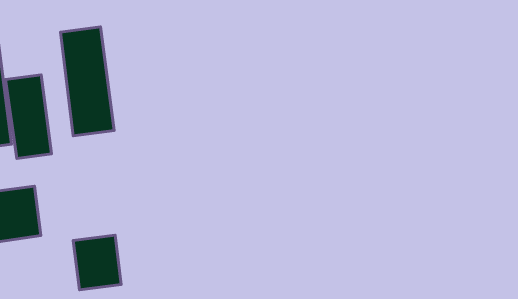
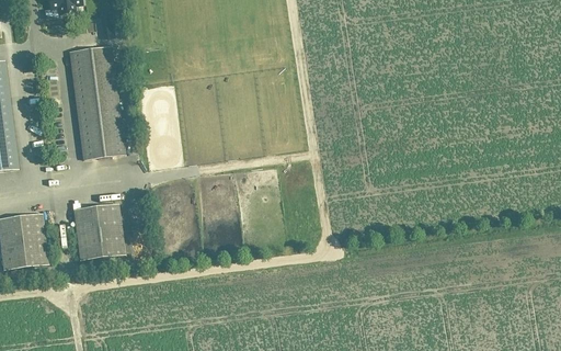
building: [5,75,51,158] -> none
building: [73,235,121,290] -> [72,202,123,259]

